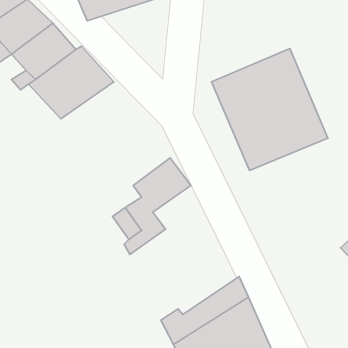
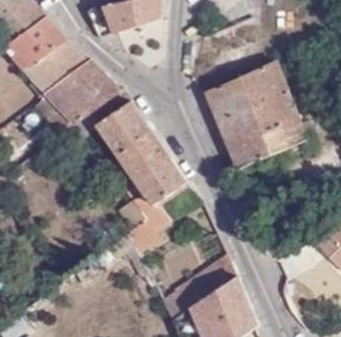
building: none -> [71,90,168,182]

